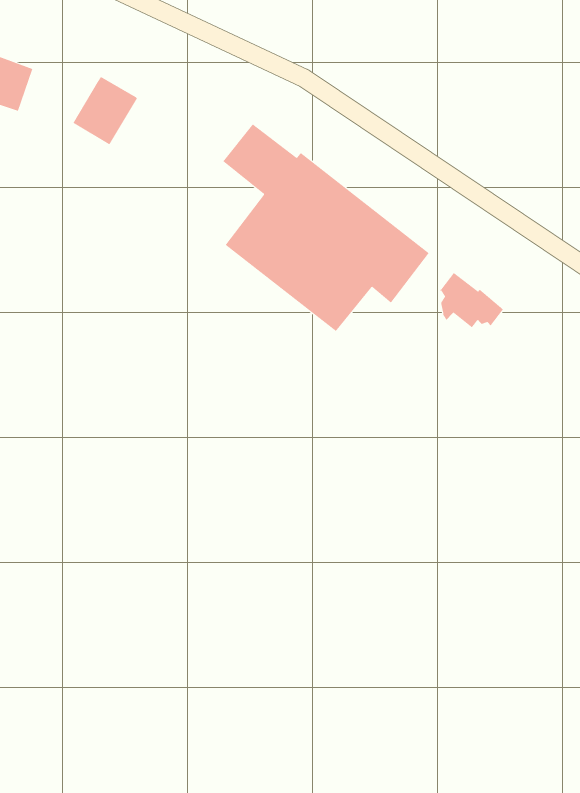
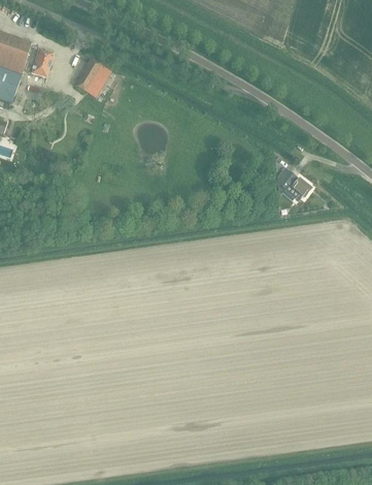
building: [223,123,429,332] -> none

